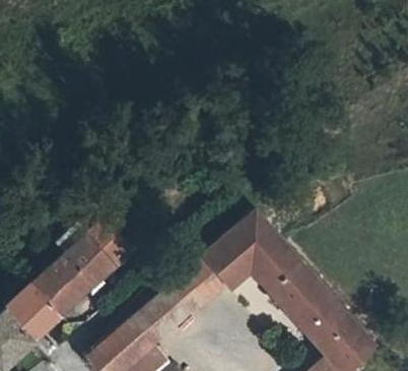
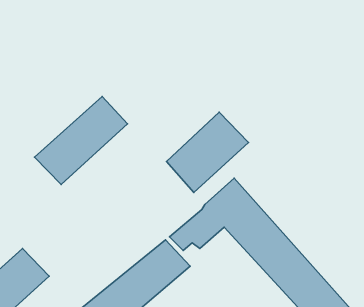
building: none -> [167,112,248,192]
building: [32,224,129,315] -> [35,96,128,184]

